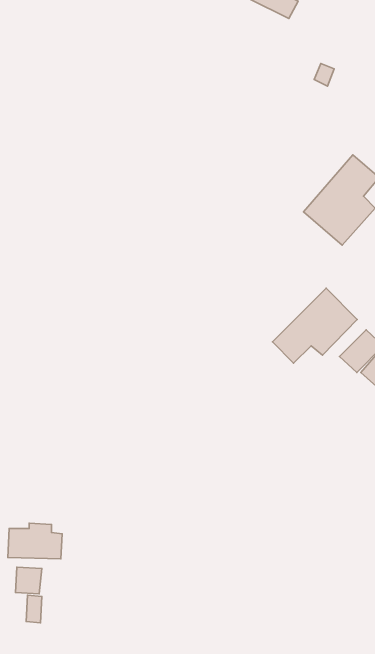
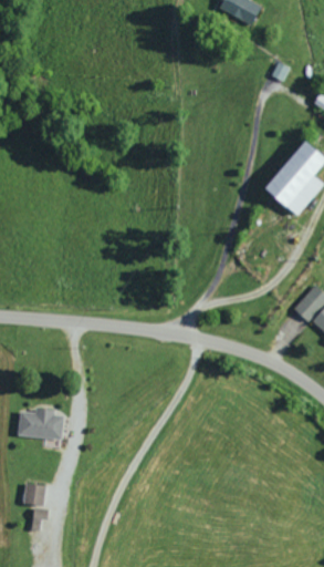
building: [272,288,357,363] -> none
building: [8,523,62,559] -> [18,408,63,437]

